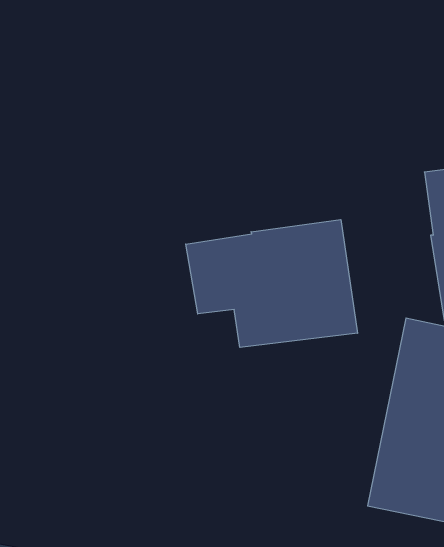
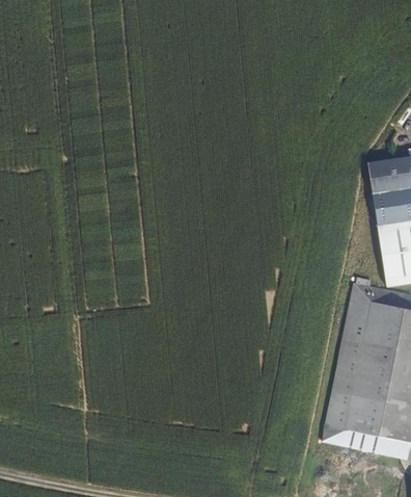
building: [186,220,358,347] -> none

